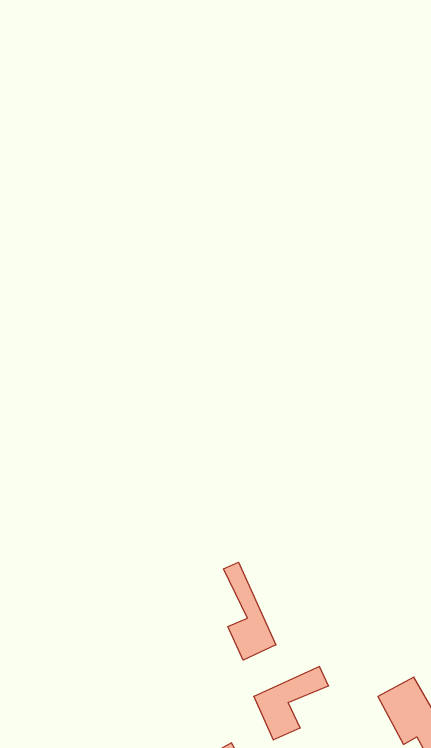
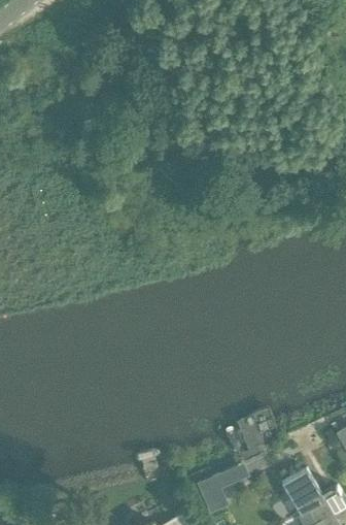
building: [224,562,276,660] -> none

